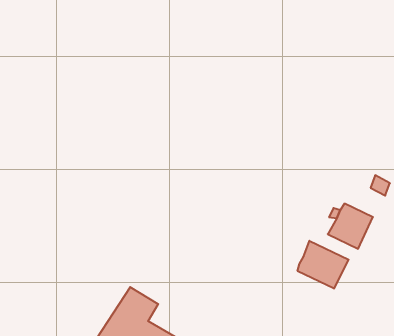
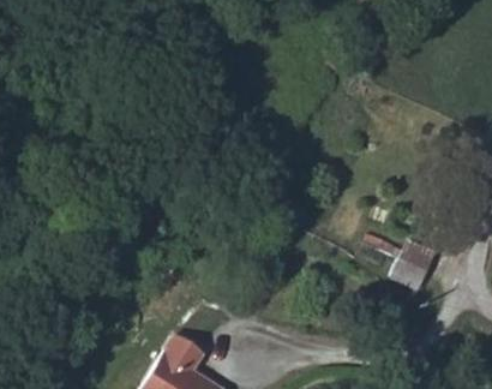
building: [298,241,349,289] -> none

